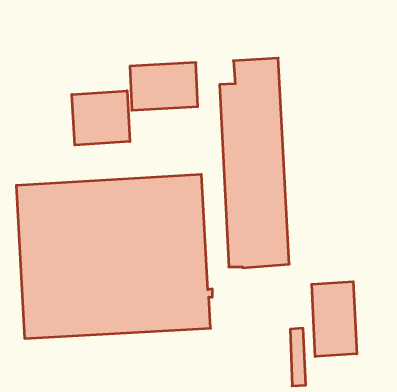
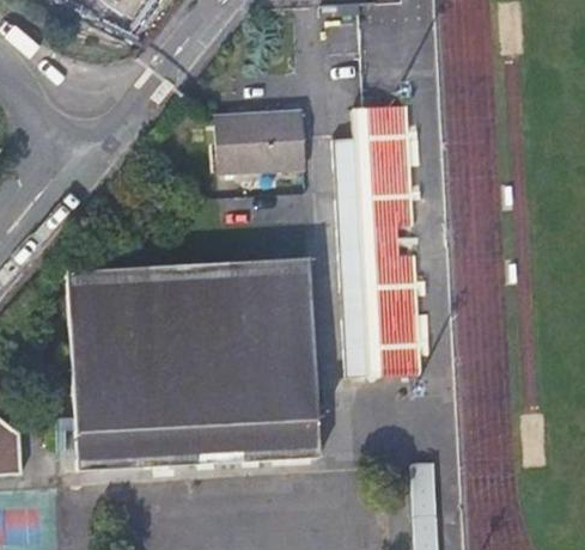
building: [72,91,130,145] -> none
building: [312,282,357,357] -> none

